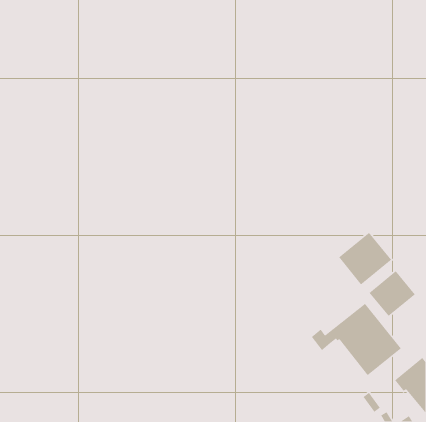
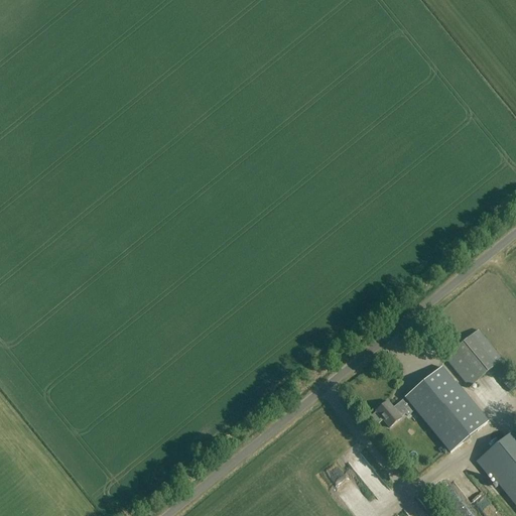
building: [338,232,392,285] -> none

